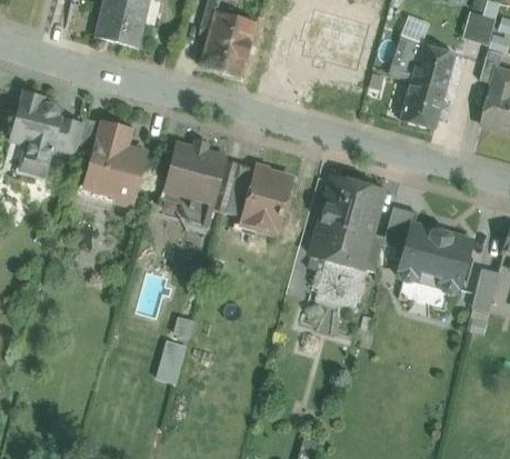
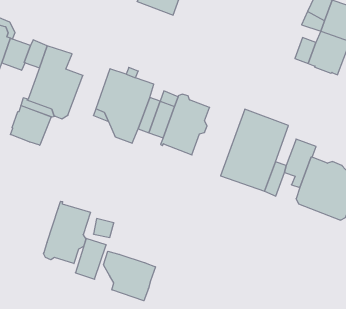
building: none -> [10,106,51,145]
building: none -> [43,201,90,264]
building: none -> [104,251,155,301]

